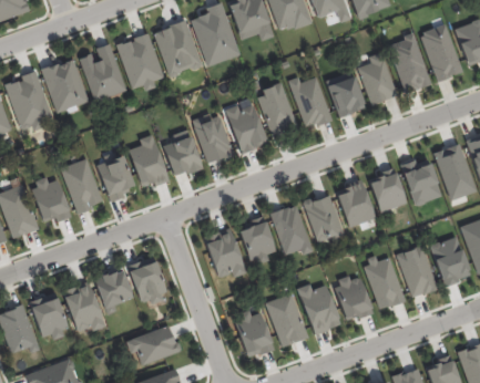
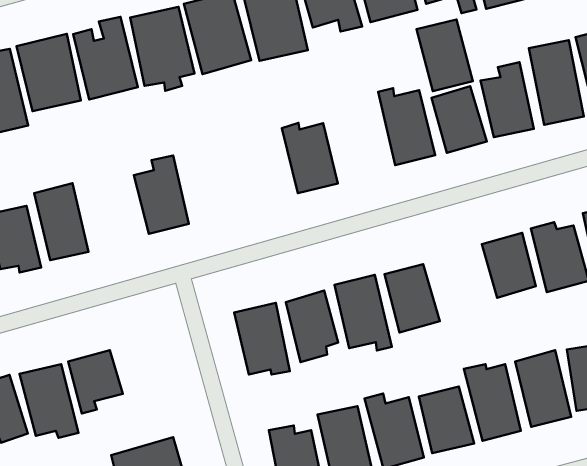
building: [256,84,297,134] -> [417,19,473,91]
building: [195,114,232,162] -> none
building: [164,130,202,176] -> none
building: [99,156,133,201] -> none
building: [335,180,376,228] -> none
building: [127,256,167,306] -> none

